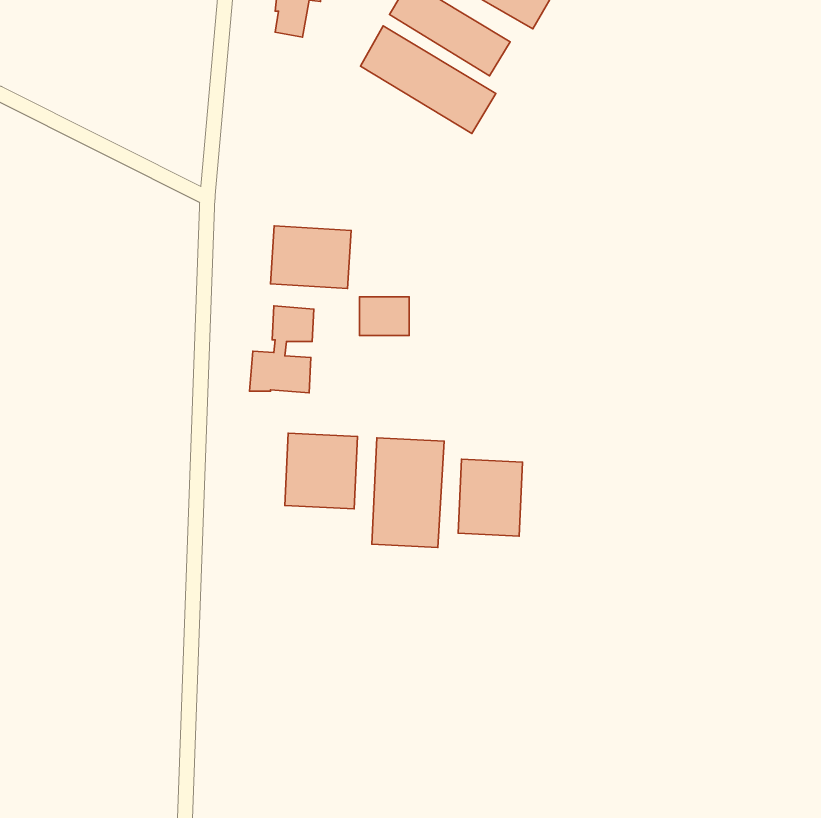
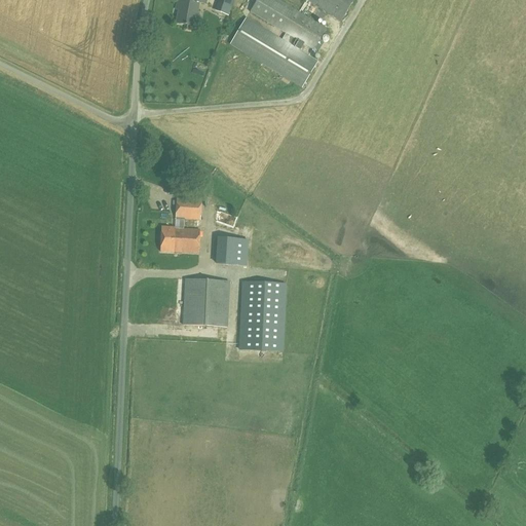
building: [270,226,351,289] -> none
building: [359,297,409,335] -> [219,235,251,260]
building: [458,459,522,536] -> none

